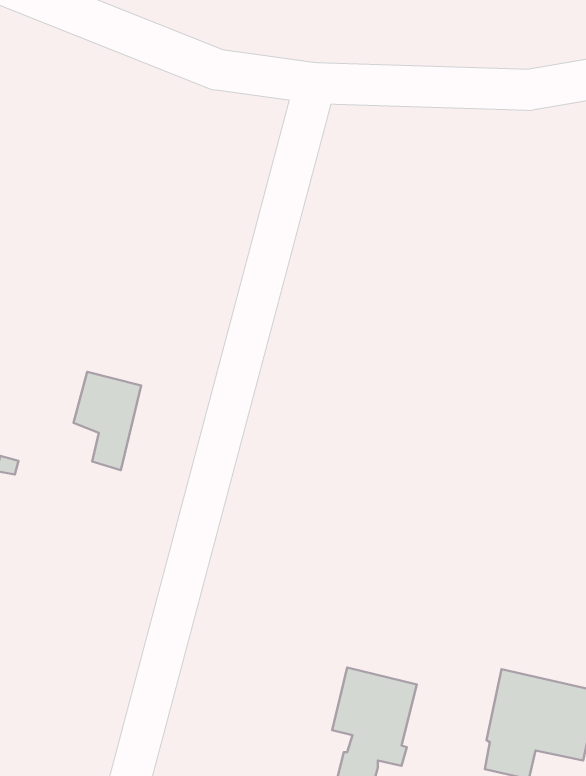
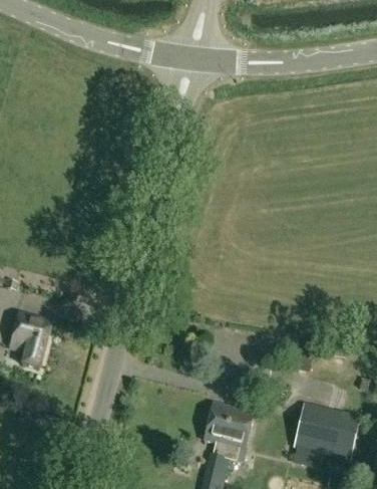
building: [73,372,141,470] -> [12,312,52,371]

